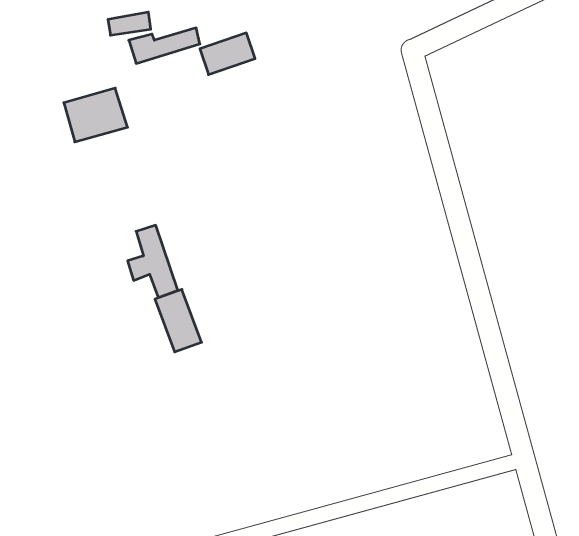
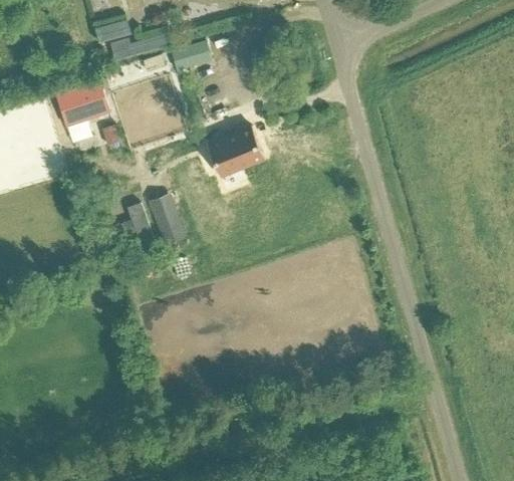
building: none -> [209,129,265,178]
building: [155,289,202,352] -> [150,193,188,244]

